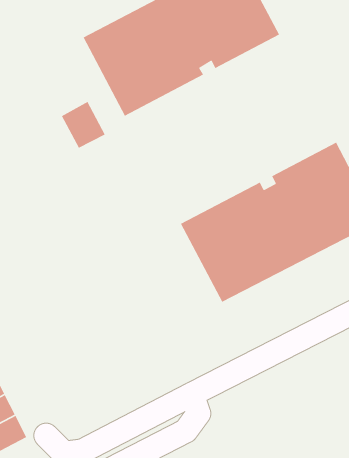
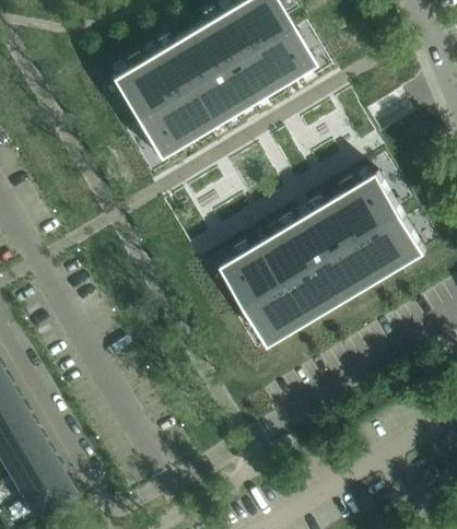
building: [61,101,106,149] -> none

